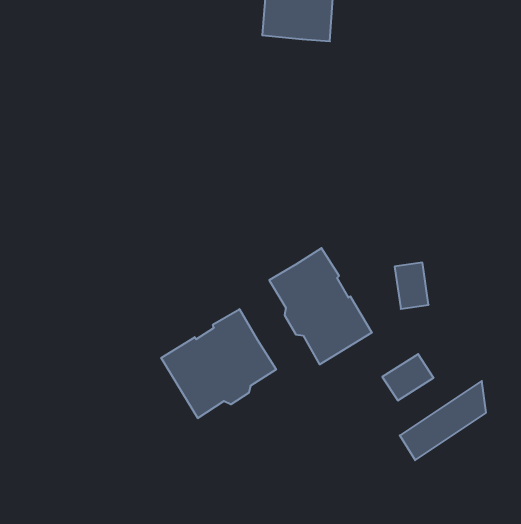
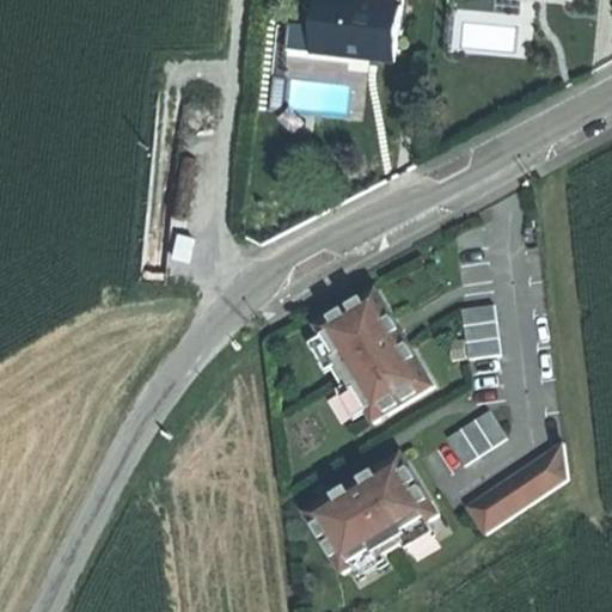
building: [161,309,276,418] -> none
building: none -> [304,453,437,573]

